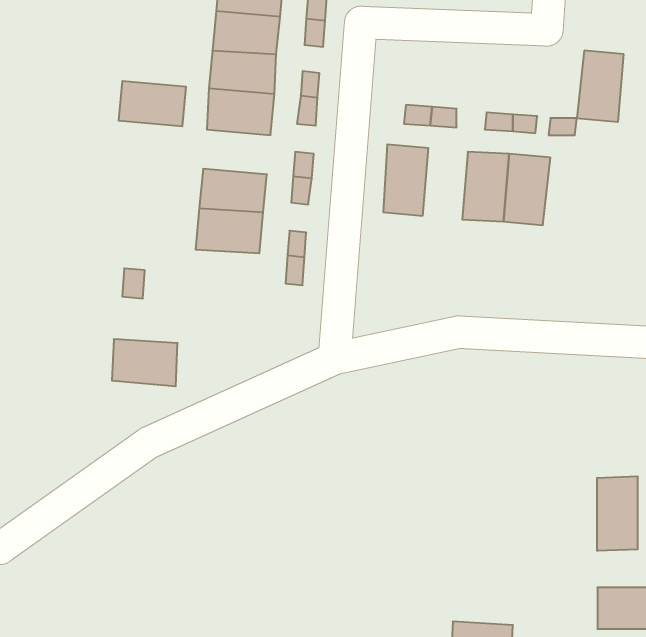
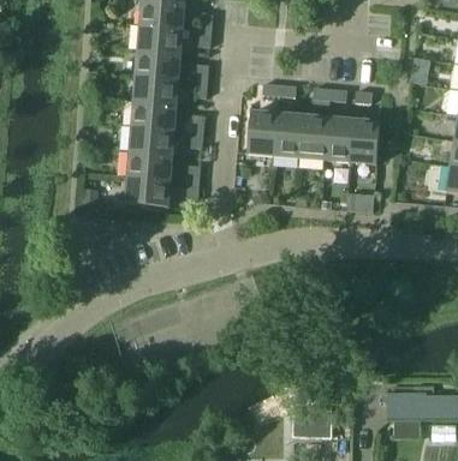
building: [577,51,624,122] -> [350,116,380,162]
building: [119,81,186,126] -> [132,98,176,127]
building: none -> [273,110,302,156]
building: [112,339,178,386] -> [126,175,168,205]
building: [597,476,638,551] -> none

